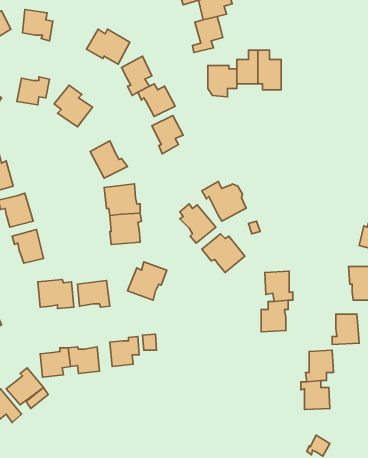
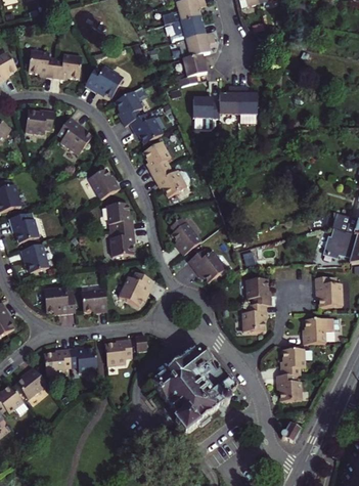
building: none -> [53,53,83,78]
building: [202,182,246,221] -> [152,168,191,203]
building: none -> [152,348,235,434]

